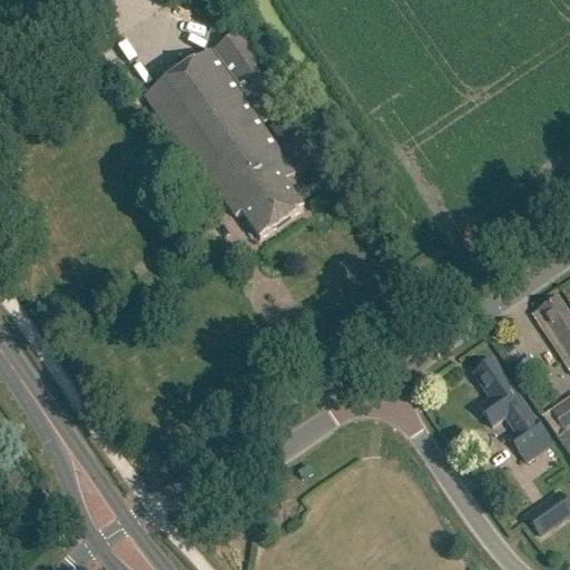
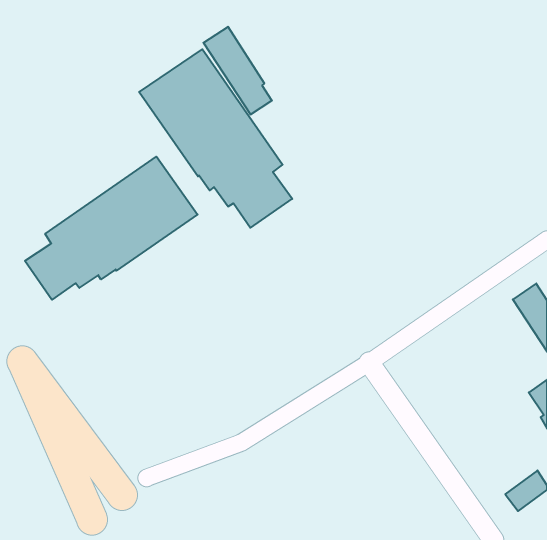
building: none -> [25,157,198,300]
building: [472,357,544,450] -> none

